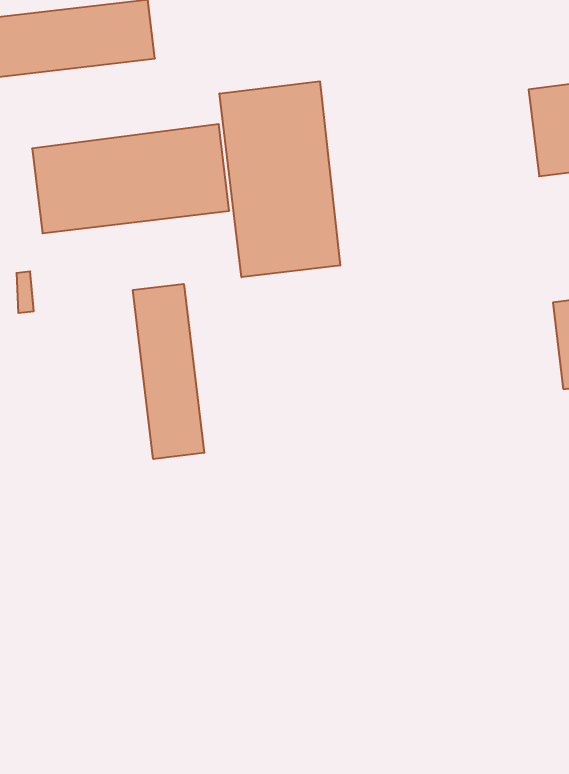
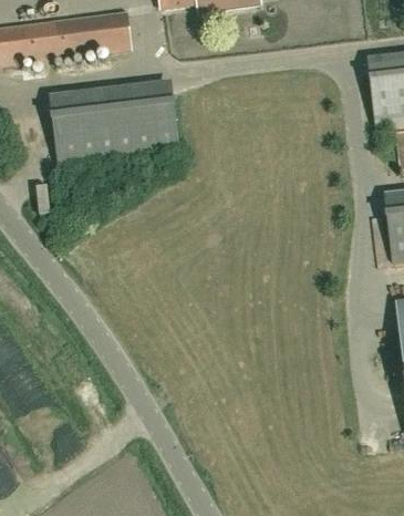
building: [219,81,340,277] -> none
building: [133,284,204,459] -> none

